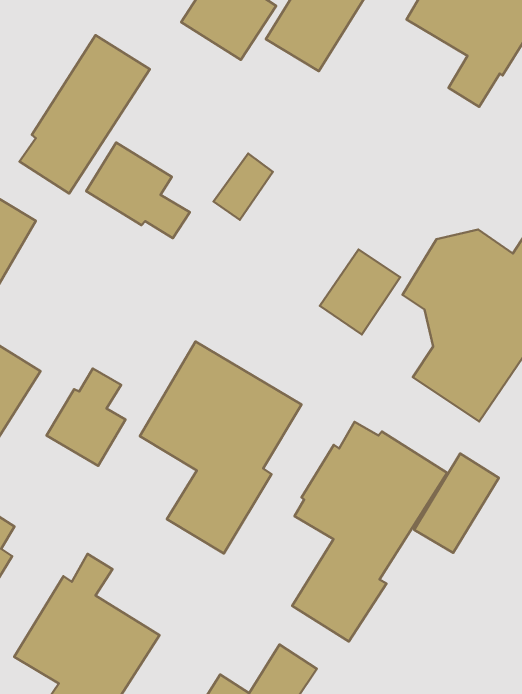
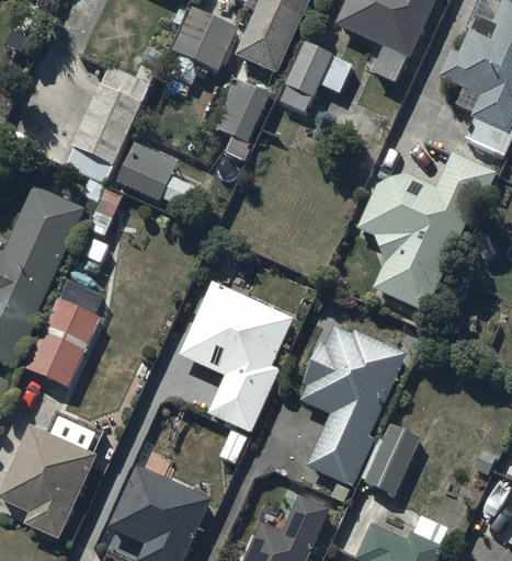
building: none -> [278,43,353,112]
building: none -> [213,79,269,140]
building: [320,250,400,334] -> none
building: [47,368,126,466] -> none
building: [414,453,499,553] -> [364,422,421,495]

